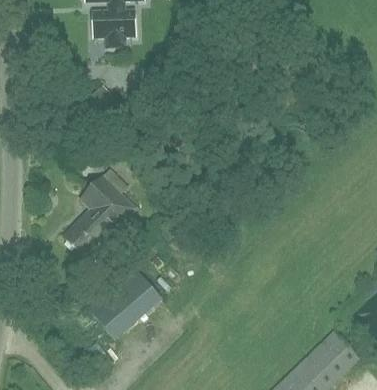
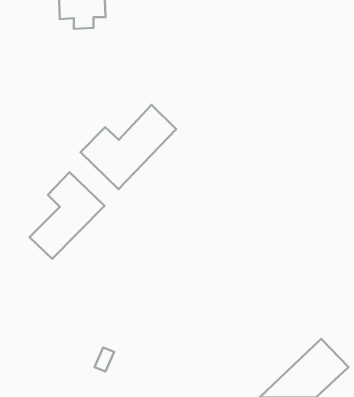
building: none -> [81,105,176,189]
building: [95,269,166,332] -> none

